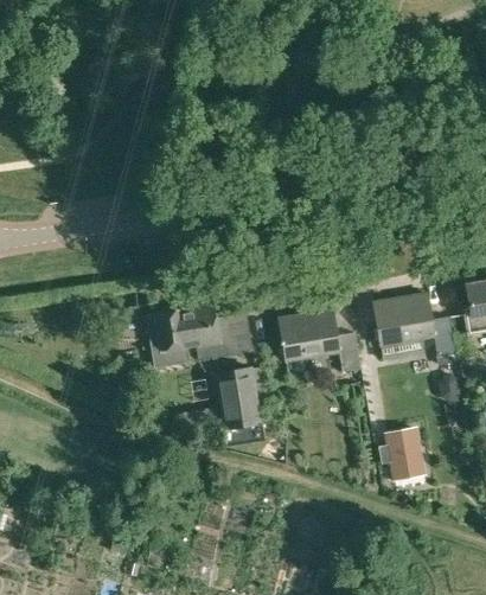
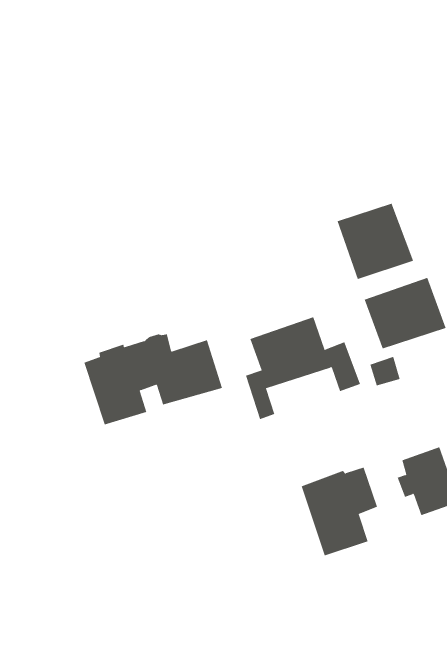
building: none -> [337,203,414,280]
building: [216,367,274,433] -> [301,467,378,556]

